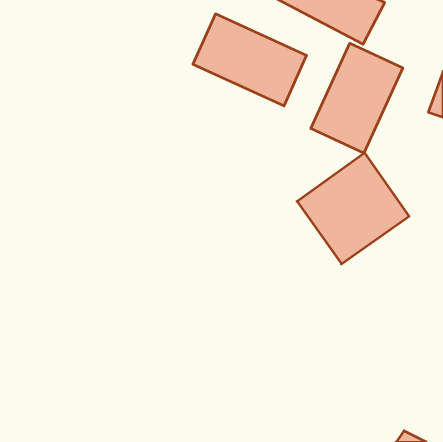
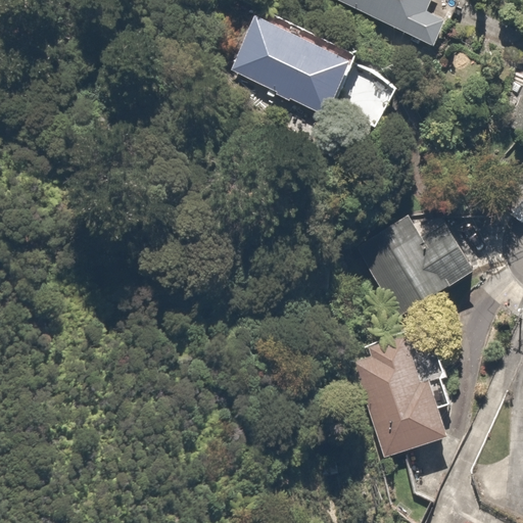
building: [311,43,403,153] -> none
building: none -> [350,321,469,456]

